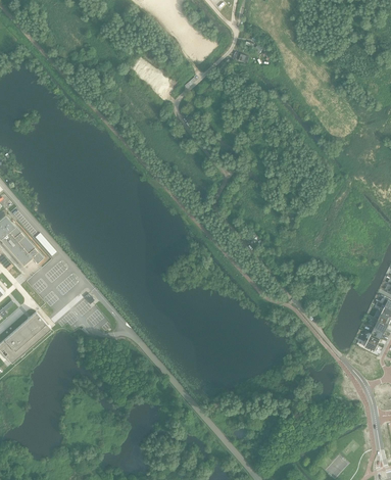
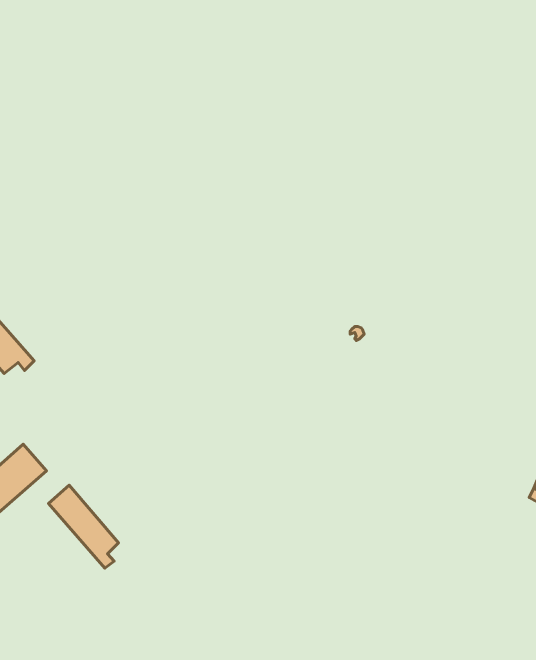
building: none -> [48,485,119,568]

